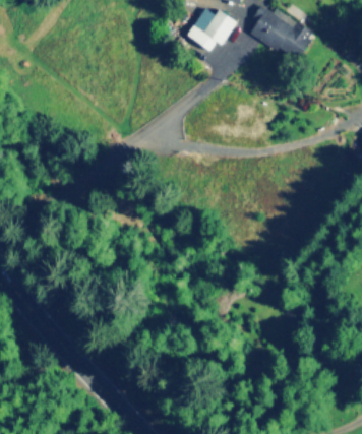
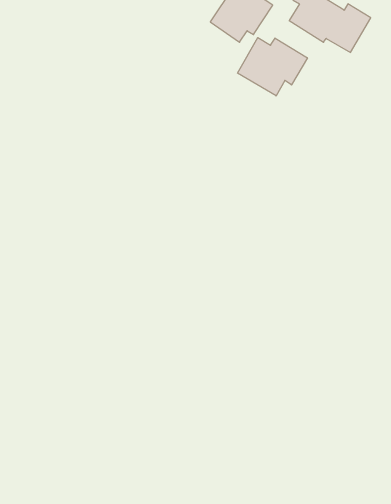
building: none -> [238,38,307,96]

